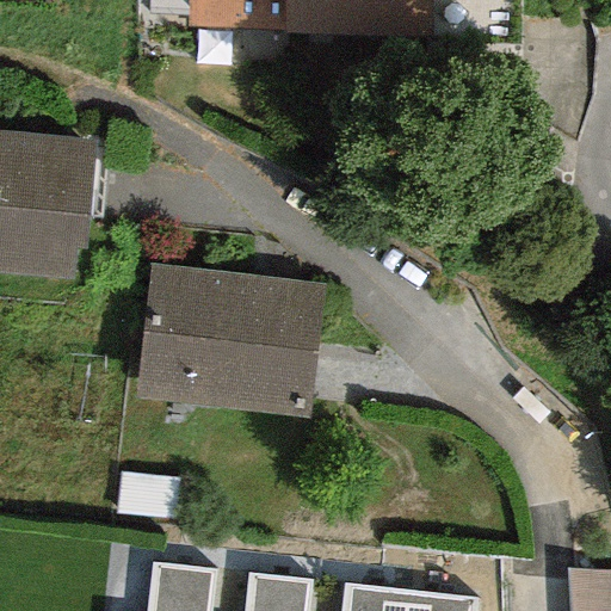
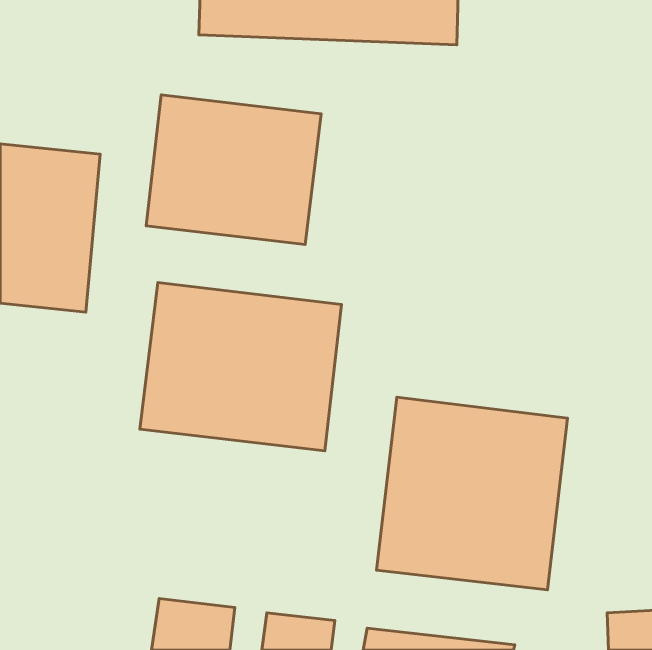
building: none -> [146,95,321,245]
building: none -> [376,397,568,590]

